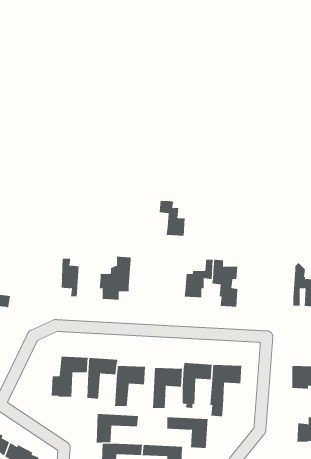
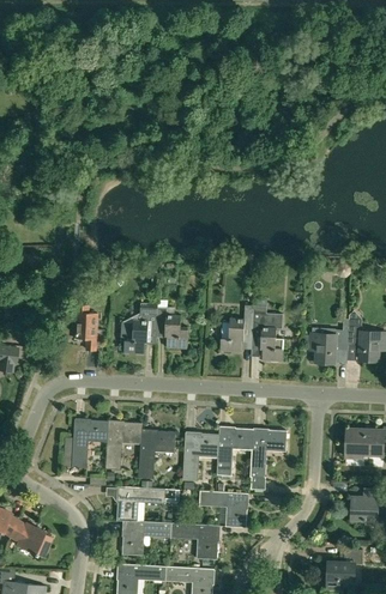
building: [159,200,185,236] -> [157,307,188,348]
building: none -> [309,317,349,363]

